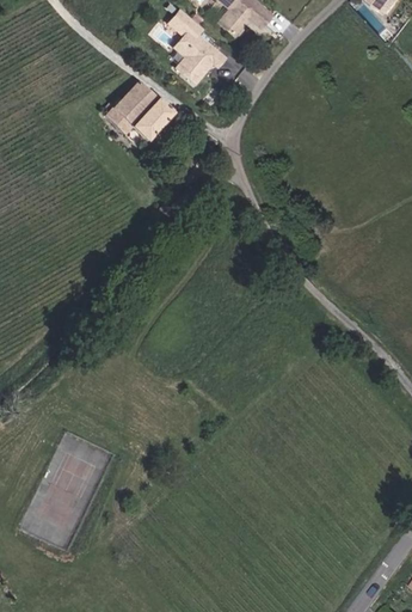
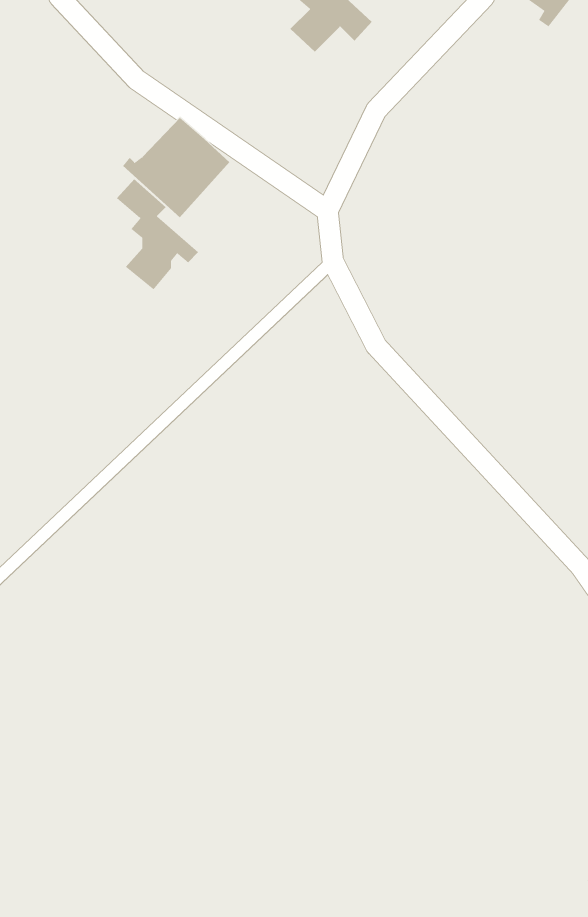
building: [165,10,220,84] -> [116,178,199,290]

